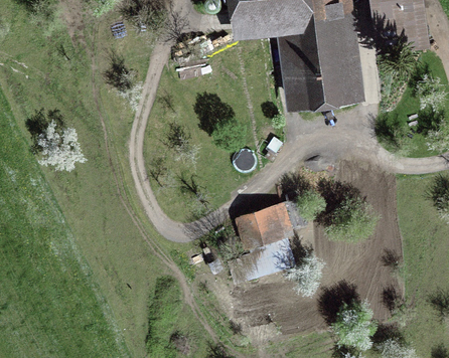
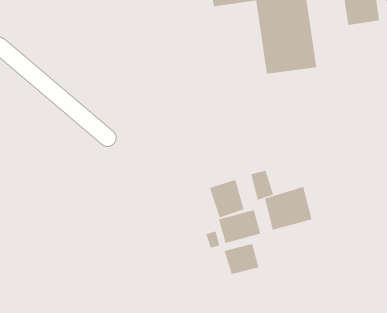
building: none -> [264,186,312,231]
building: none -> [224,243,259,275]

